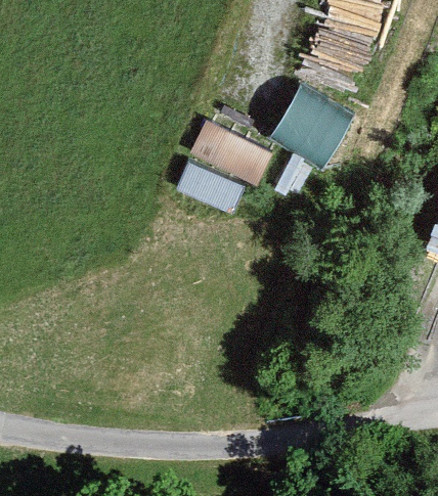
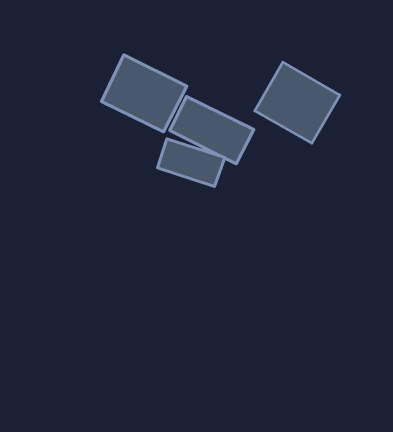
building: none -> [101,55,187,132]

